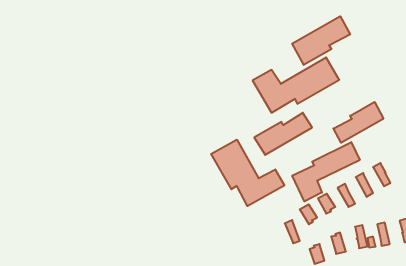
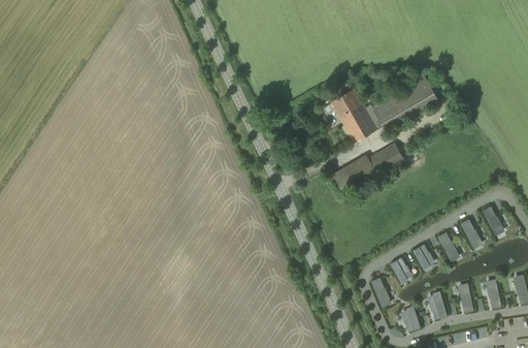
building: [292,16,350,65] -> none
building: [333,102,383,143] -> none
building: [211,140,284,206] -> none
building: [292,142,360,201] -> none

